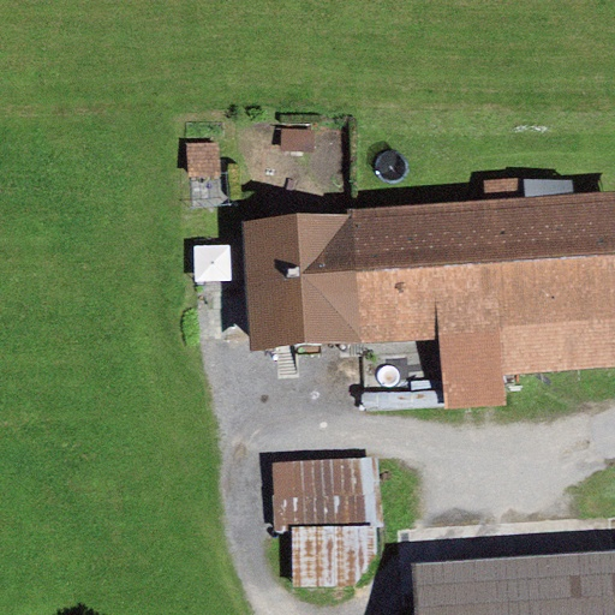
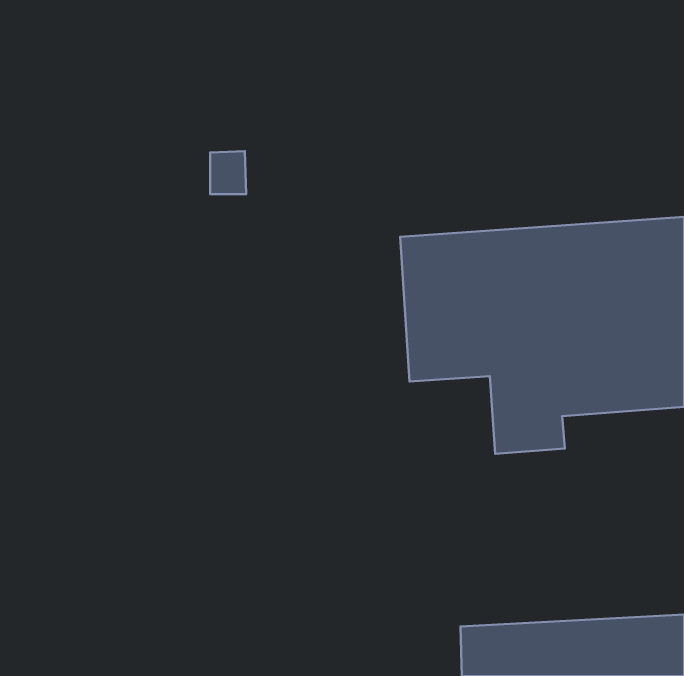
building: [244,213,368,350] -> none
building: [271,455,380,584] -> none

